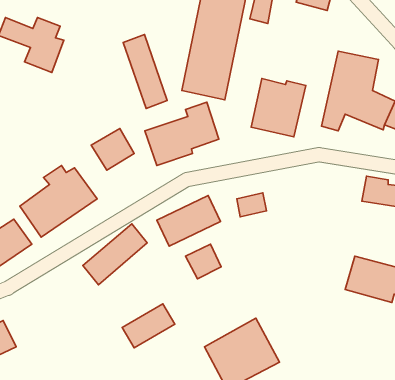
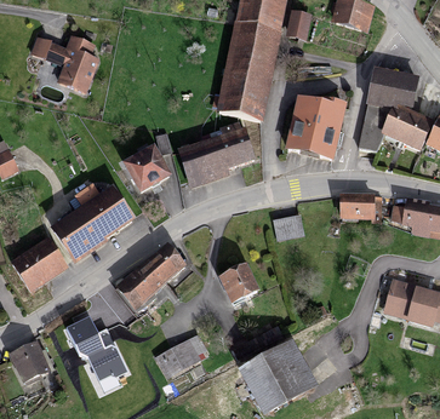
building: [123,34,167,108] -> none
building: none -> [342,196,373,218]
building: [157,196,221,246] -> none
building: none -> [67,310,127,375]

